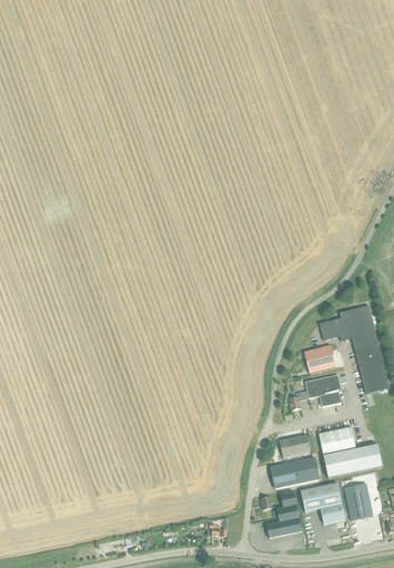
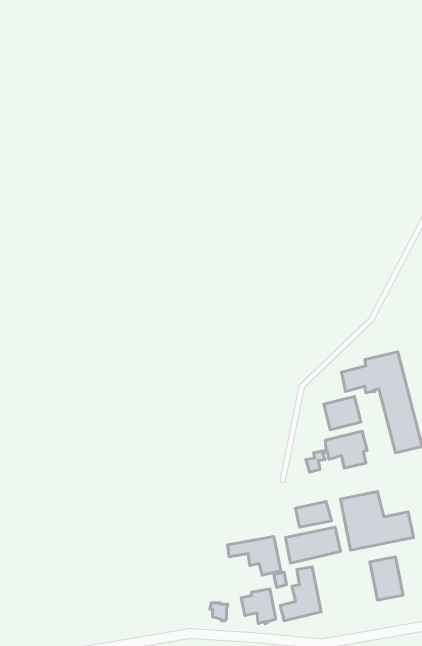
building: none -> [228,536,281,575]
building: [301,483,344,524] -> none
building: none -> [241,589,276,624]

